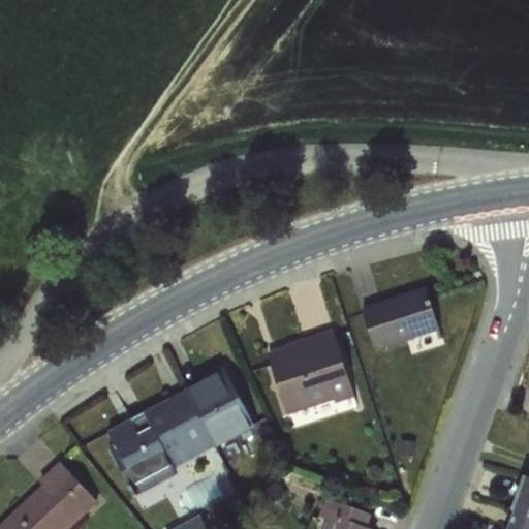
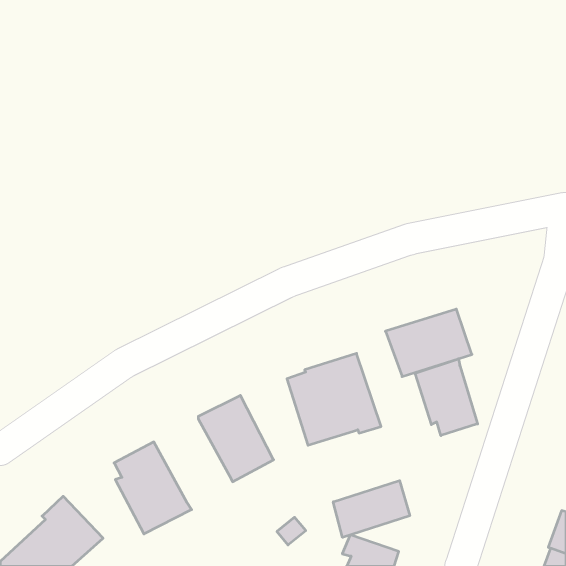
building: none -> [415,359,478,436]
building: [144,391,216,469] -> none
building: none -> [333,481,410,537]

